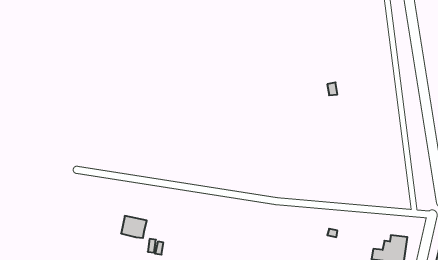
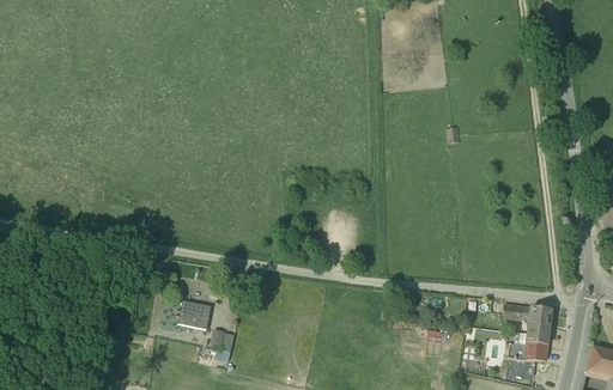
building: none -> [503,303,553,327]

